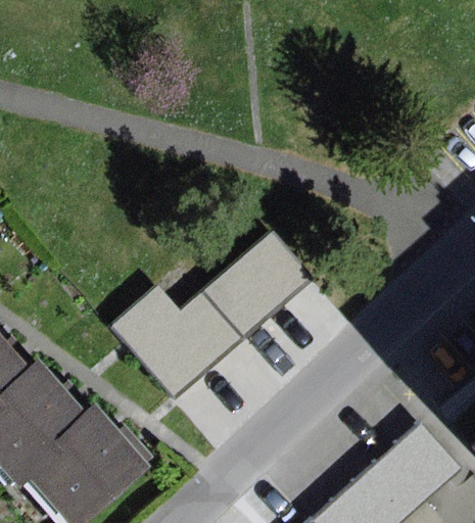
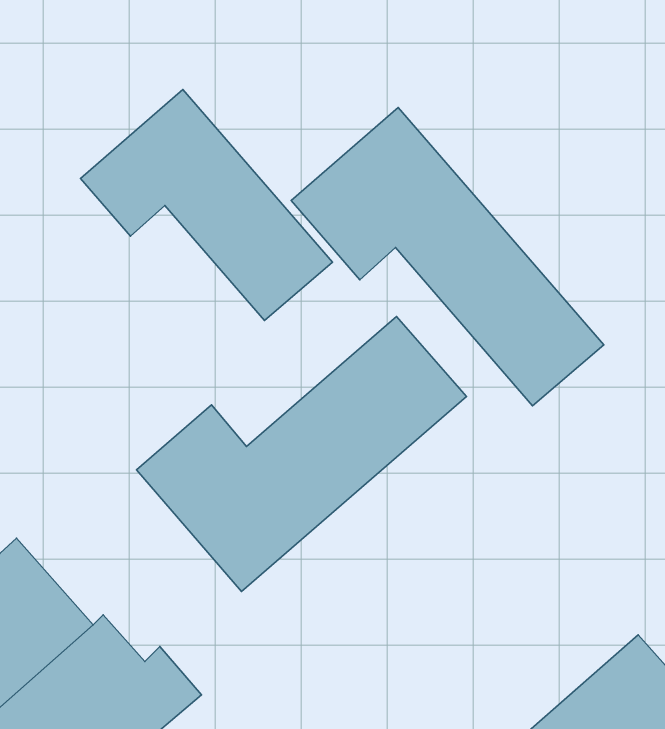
building: none -> [81,89,332,321]
building: none -> [291,107,604,406]

